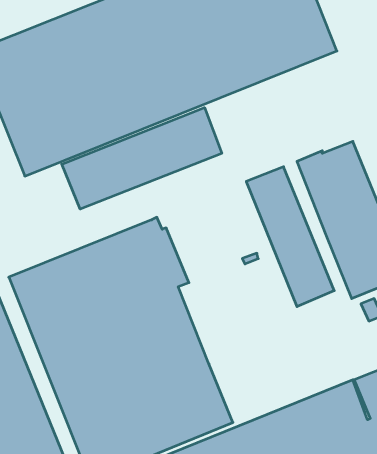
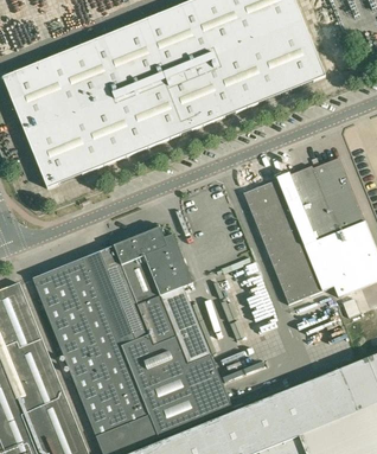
building: [62,108,222,209] -> none

